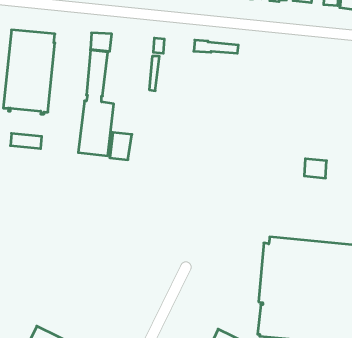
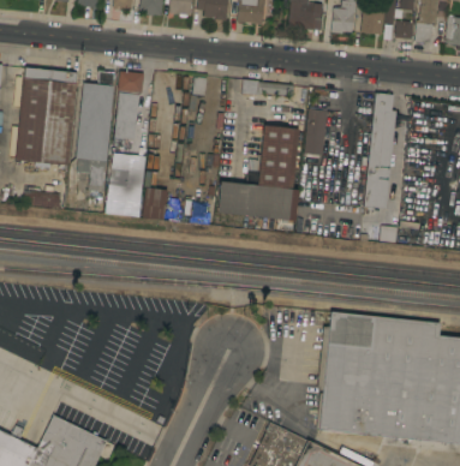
building: none -> [76,71,117,191]
building: none -> [364,92,396,208]
building: none -> [303,108,325,154]
building: none -> [217,125,299,220]

